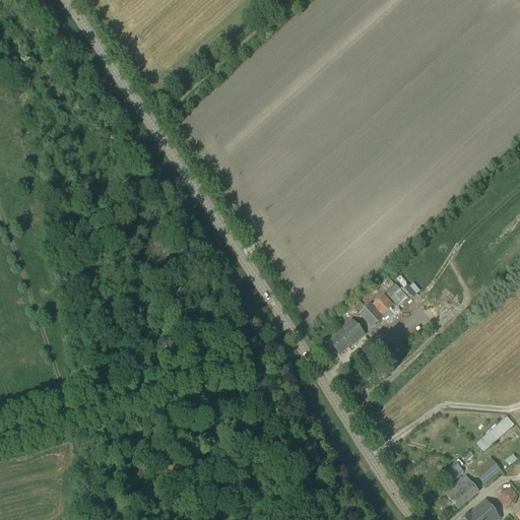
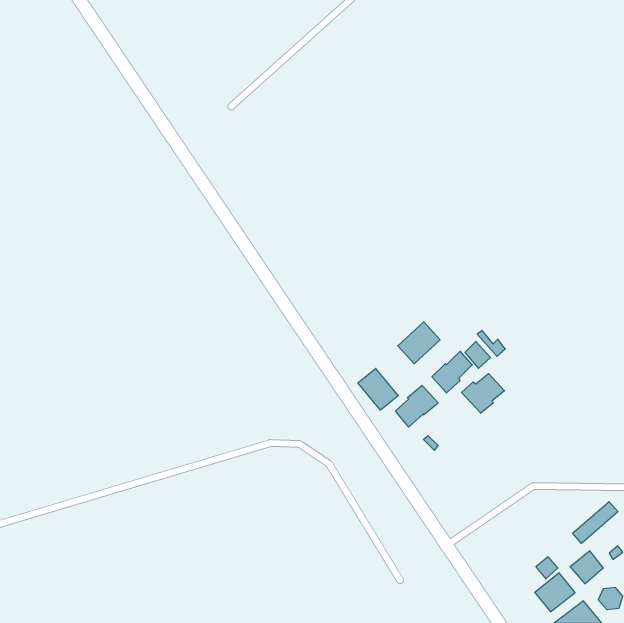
building: none -> [398,322,440,364]
building: none -> [358,368,398,410]
building: none -> [462,374,505,413]

